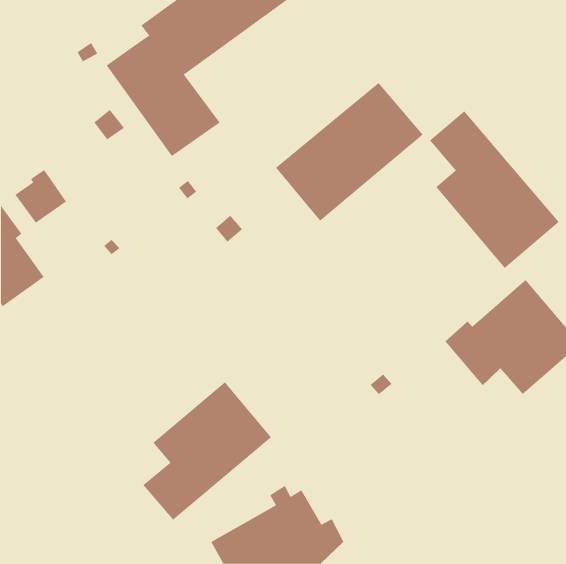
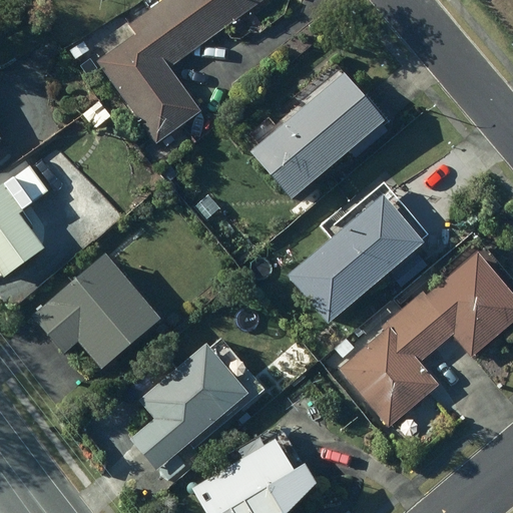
building: [429,111,559,269] -> none
building: none -> [289,195,423,324]
building: none -> [33,255,159,368]
building: none -> [341,308,439,426]

